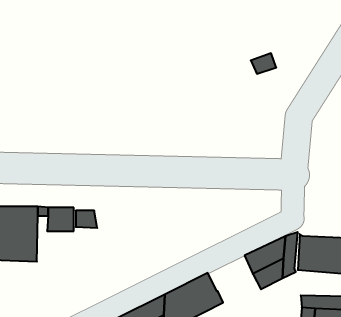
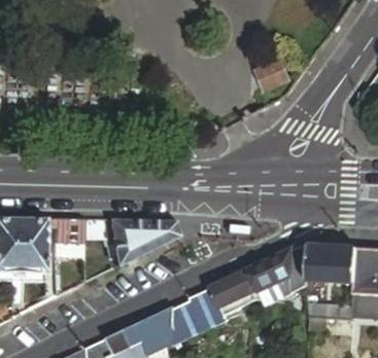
building: none -> [108,219,177,265]
building: none -> [217,266,263,302]

